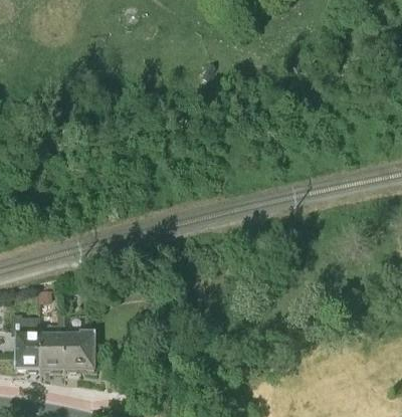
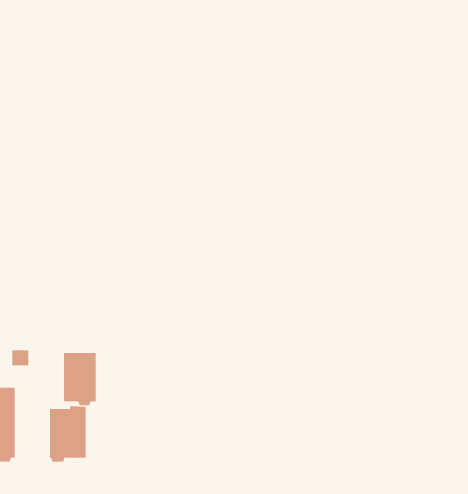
building: [41,333,66,373] -> [63,352,96,406]

